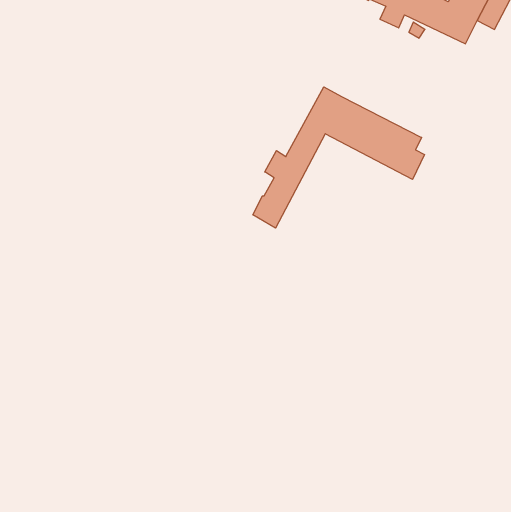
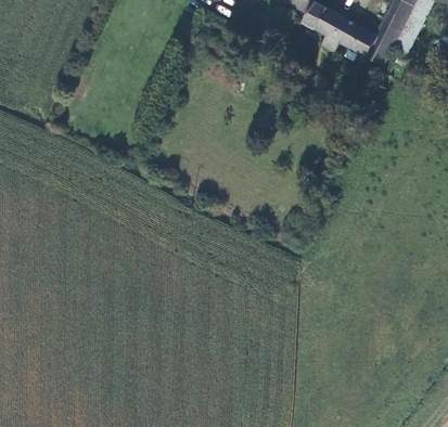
building: [253,87,424,228] -> none

